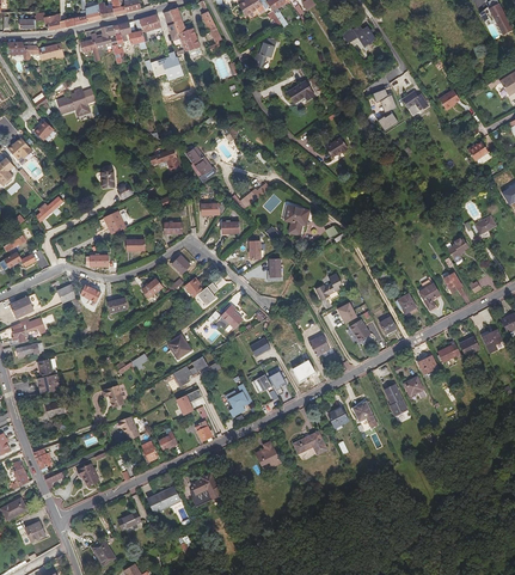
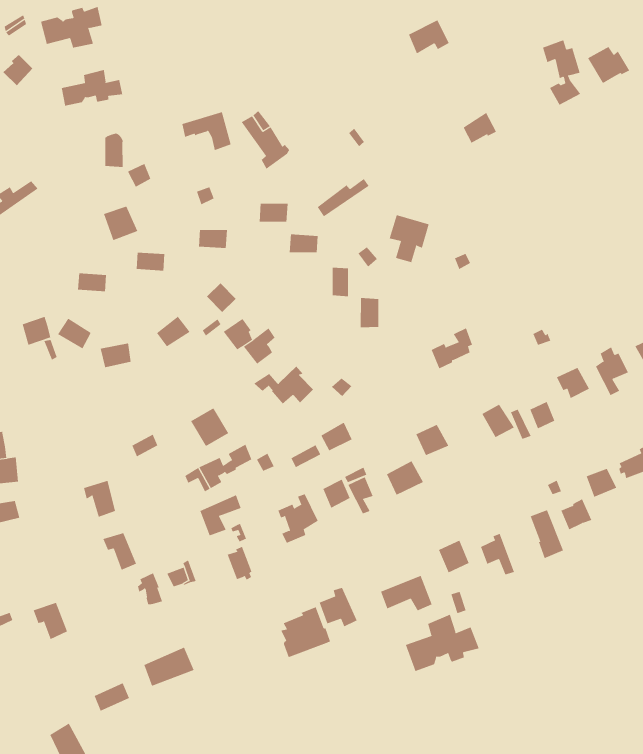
building: none -> [61,69,123,106]
building: none -> [405,614,480,672]
building: [189,472,221,506] -> [280,606,331,658]

